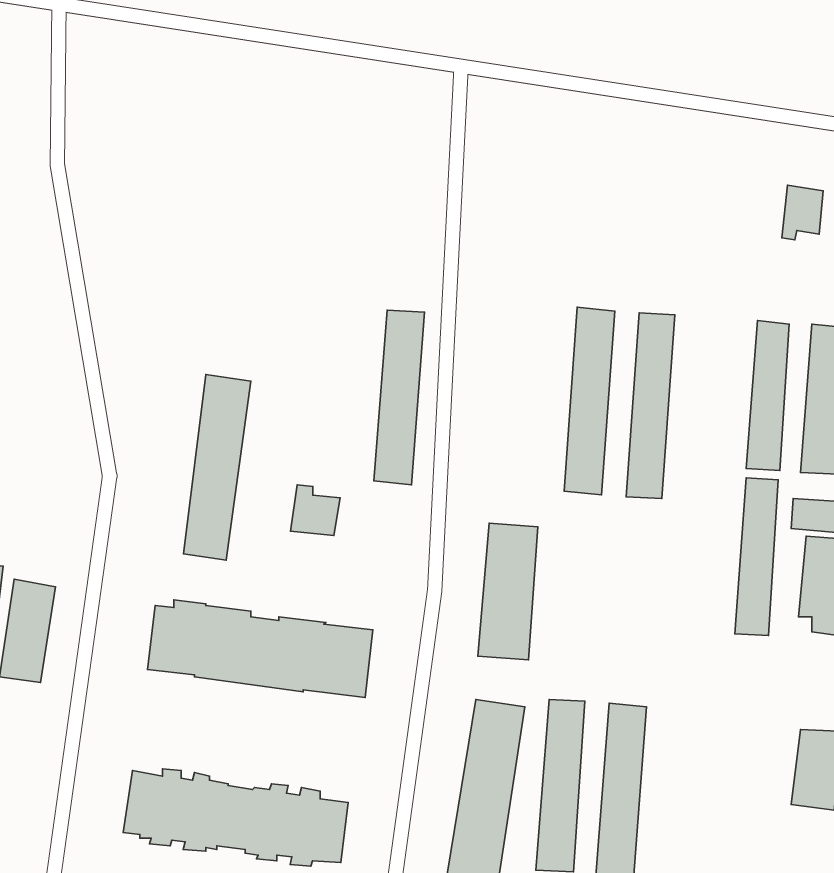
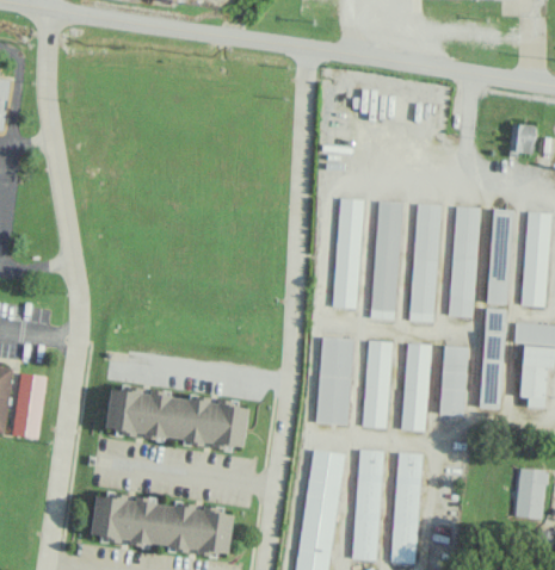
building: [374,310,425,485] -> [332,198,364,309]
building: none -> [449,206,480,317]
building: [184,375,251,560] -> none
building: [291,485,340,536] -> none
building: none -> [362,341,391,428]
building: none -> [401,343,431,432]
building: none -> [439,346,468,416]

